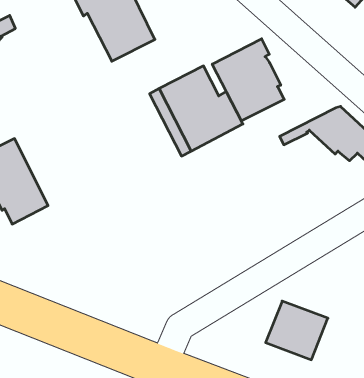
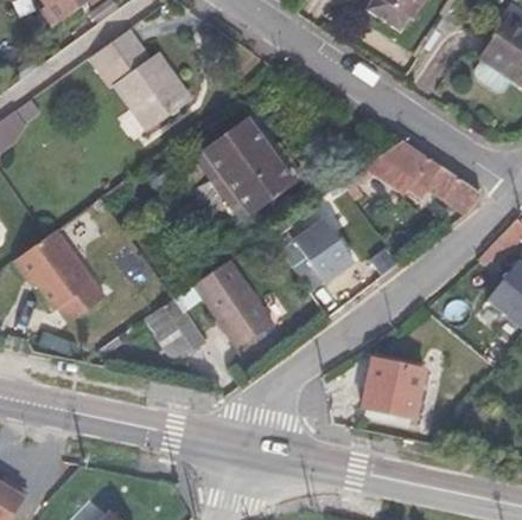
building: [212,39,284,121] -> none
building: none -> [280,219,352,293]
building: none -> [145,259,273,362]

